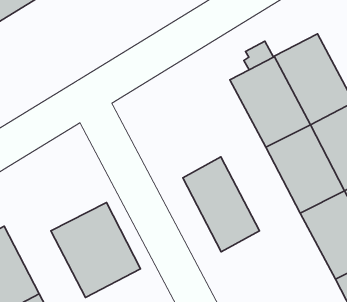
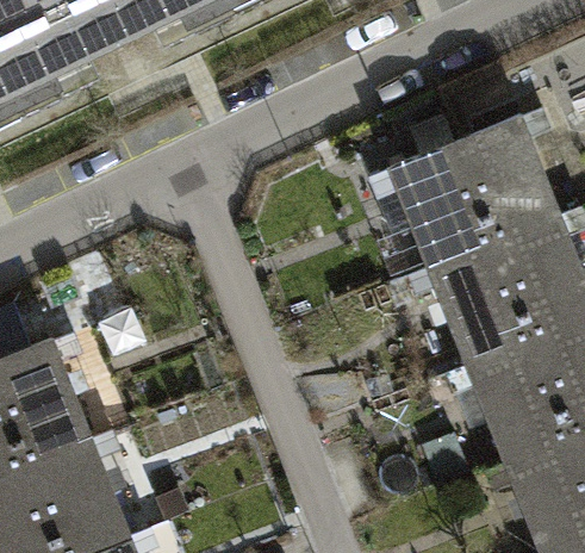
building: [183,157,259,252] -> none
building: [51,203,140,298] -> none

